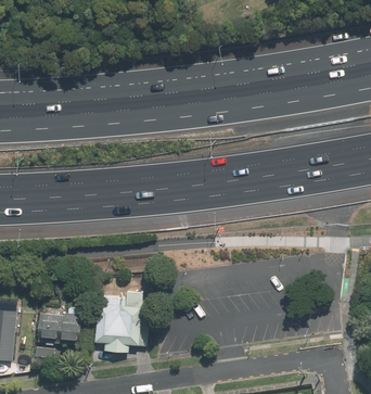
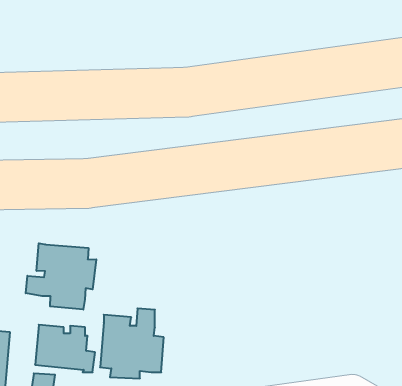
building: none -> [26,243,96,310]

